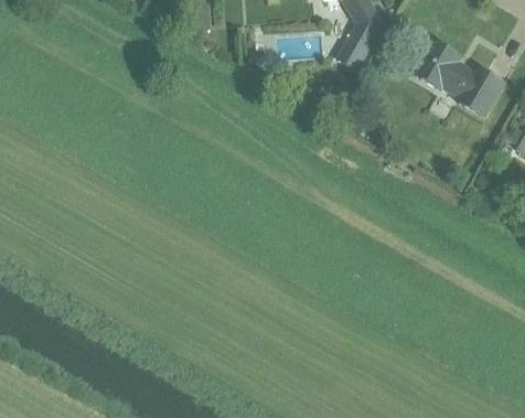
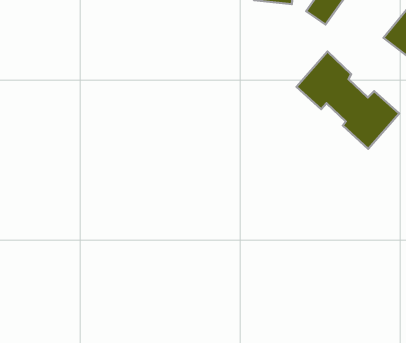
building: none -> [296,52,399,149]

